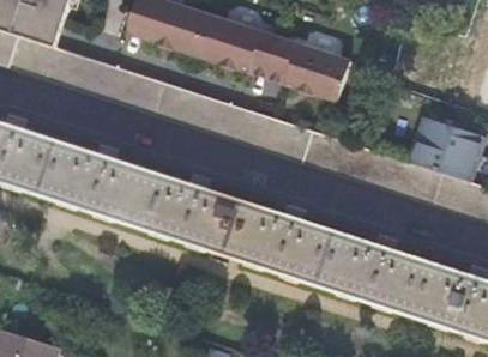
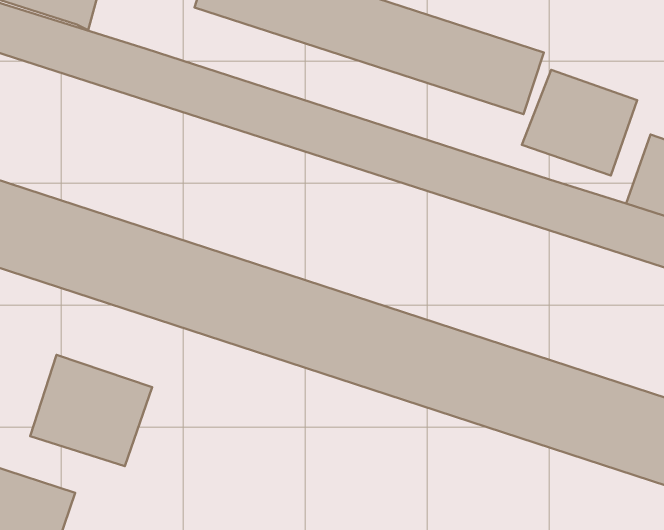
building: none -> [522,70,637,175]
building: none -> [30,355,152,466]

